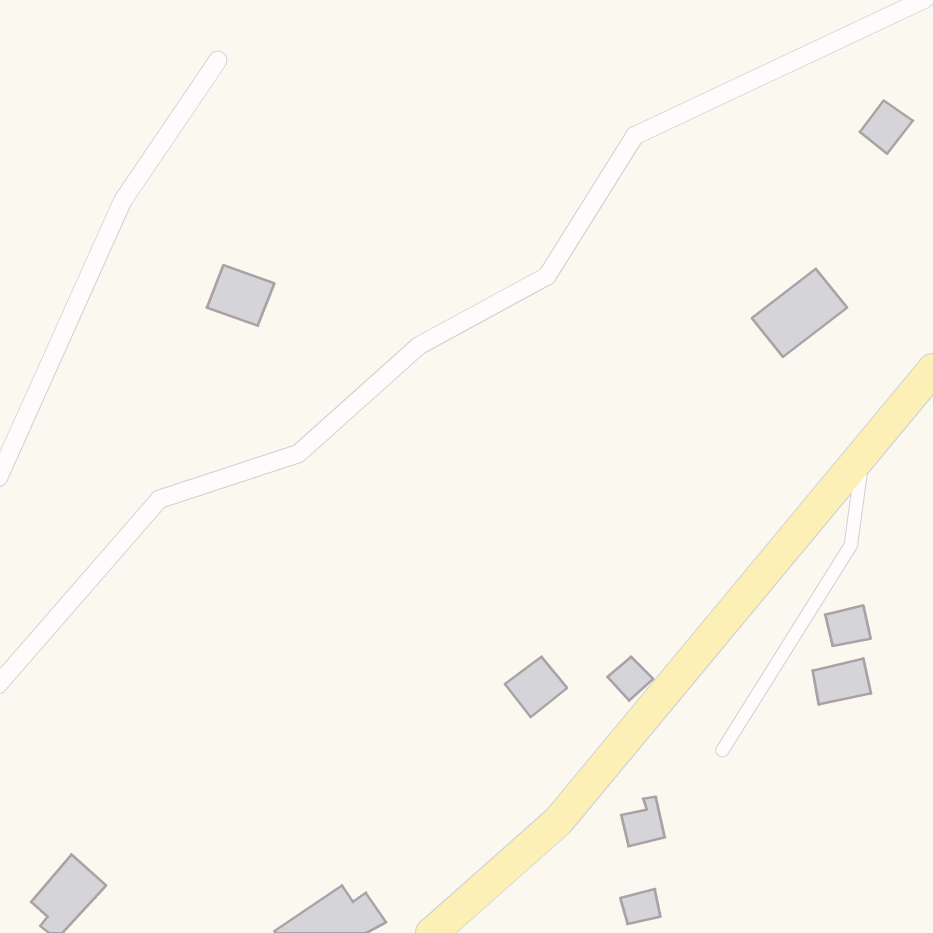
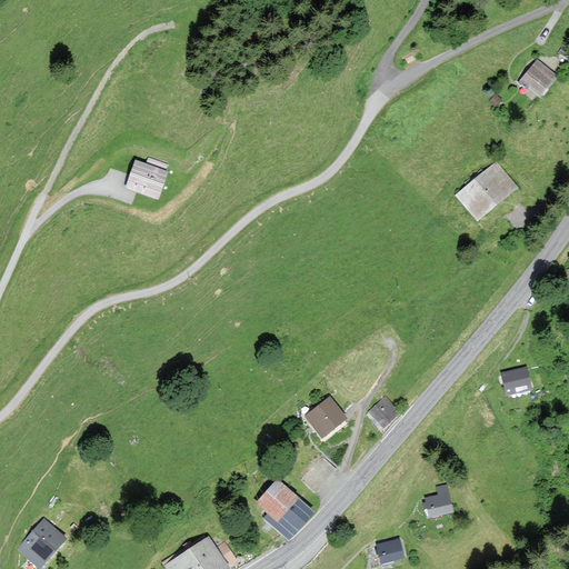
building: [813,658,871,705] -> none
building: none -> [259,482,311,538]
building: [621,797,665,846] -> [425,487,451,517]

